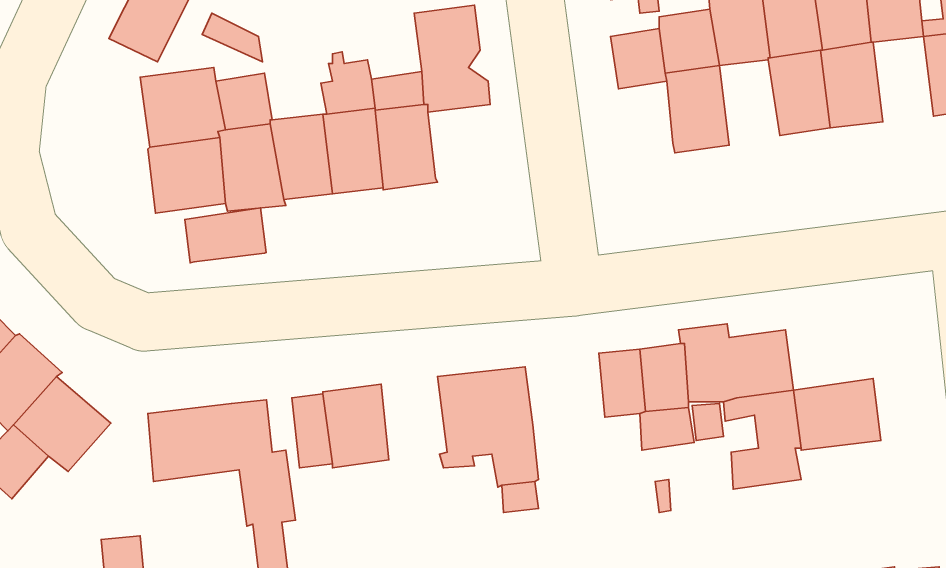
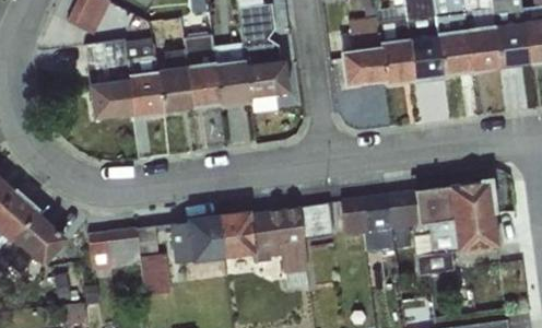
building: none -> [495,21,529,69]
building: none -> [409,34,444,82]
building: none -> [339,46,382,86]
building: none -> [245,58,291,101]
building: [185,208,266,263] -> none
building: none -> [446,179,495,220]
building: none -> [299,202,332,239]
building: none -> [219,212,256,259]

